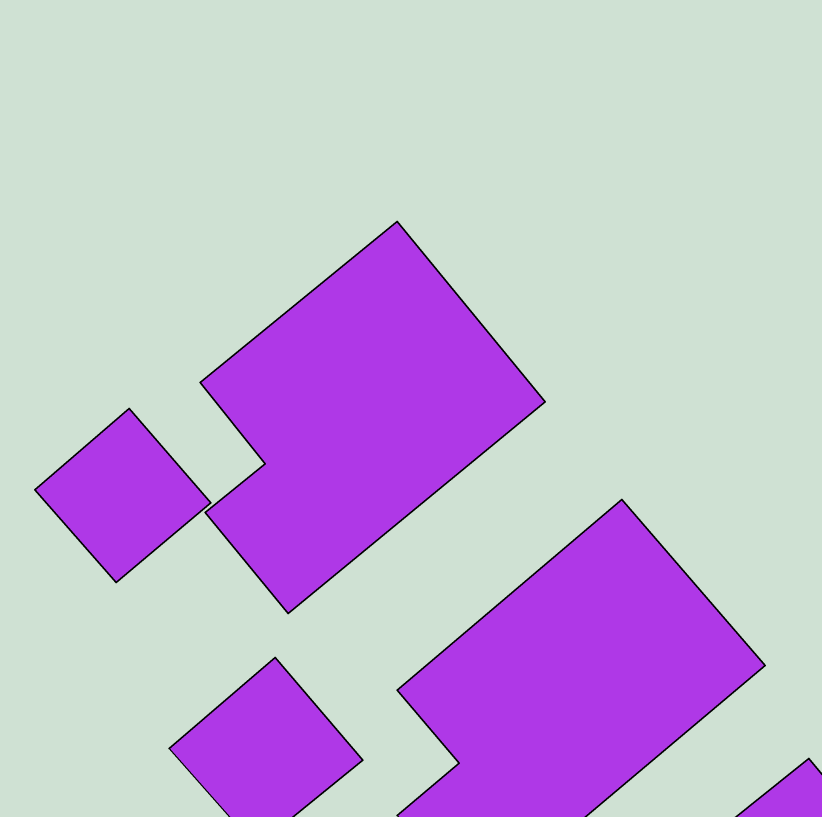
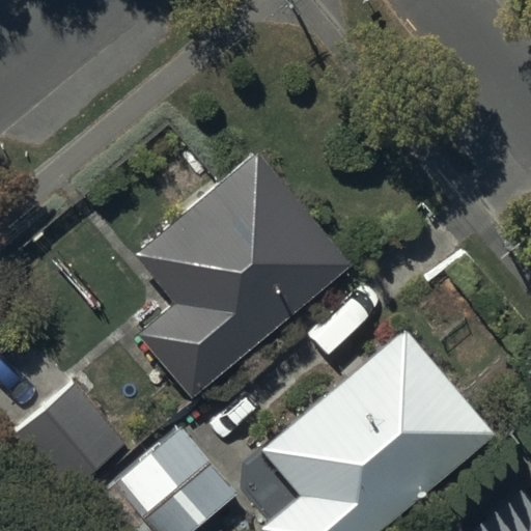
building: [35,408,211,583] -> [16,385,128,496]

